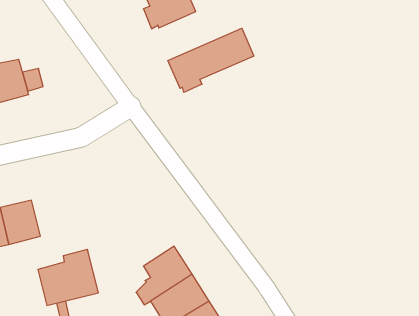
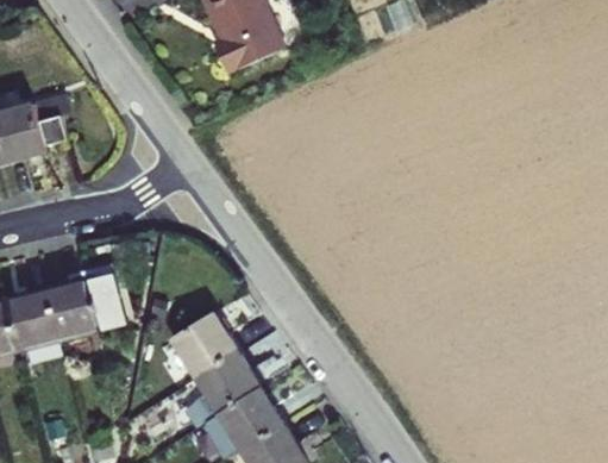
building: [168,28,254,92] -> none
building: none -> [173,313,238,377]
building: [38,249,98,305] -> [50,264,130,338]

